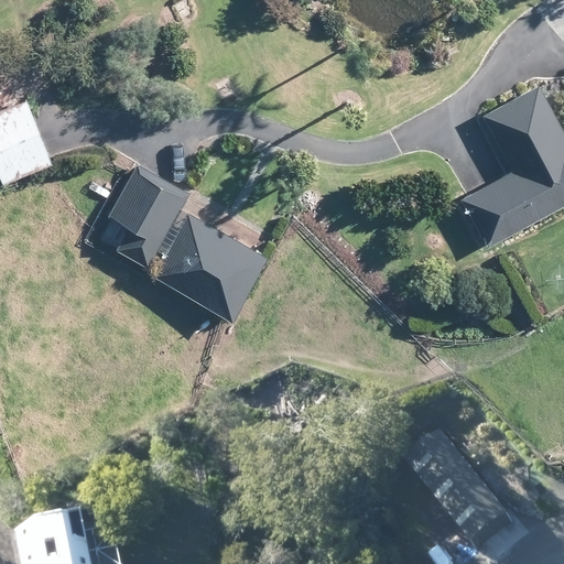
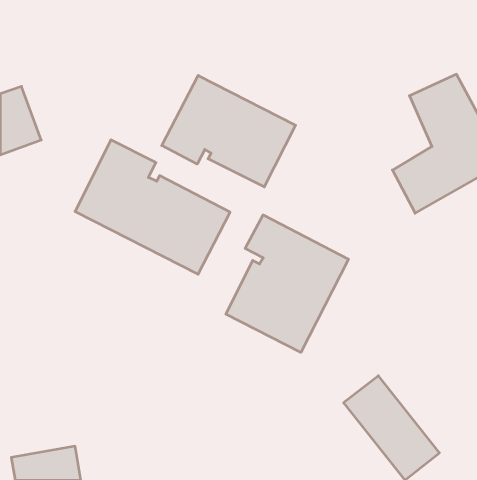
building: none -> [162,75,296,187]
building: none -> [226,215,348,352]

